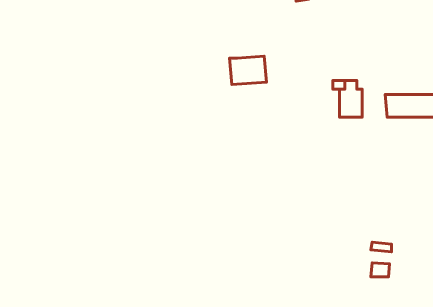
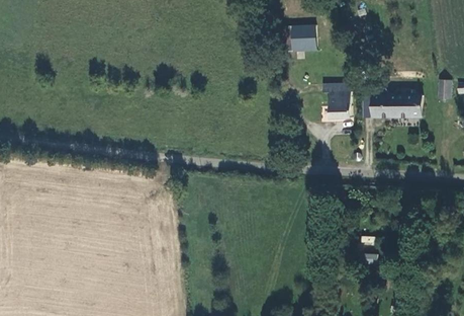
building: [230,56,266,84] -> [281,24,315,51]

